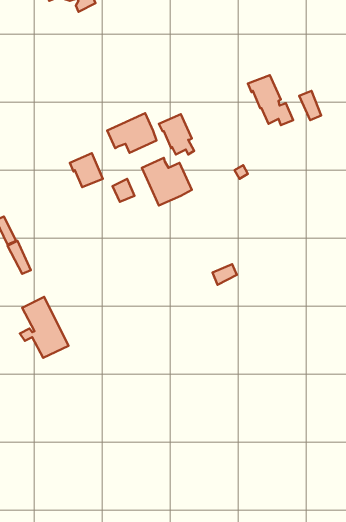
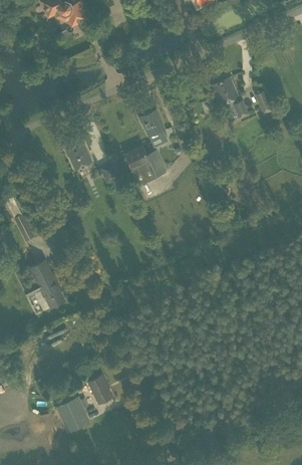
building: [107,113,157,153] -> none
building: none -> [88,375,112,403]
building: none -> [55,396,89,432]

